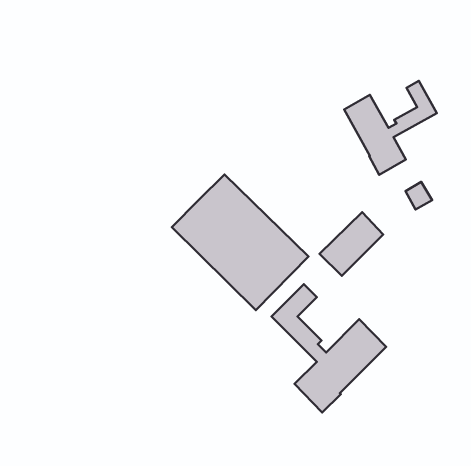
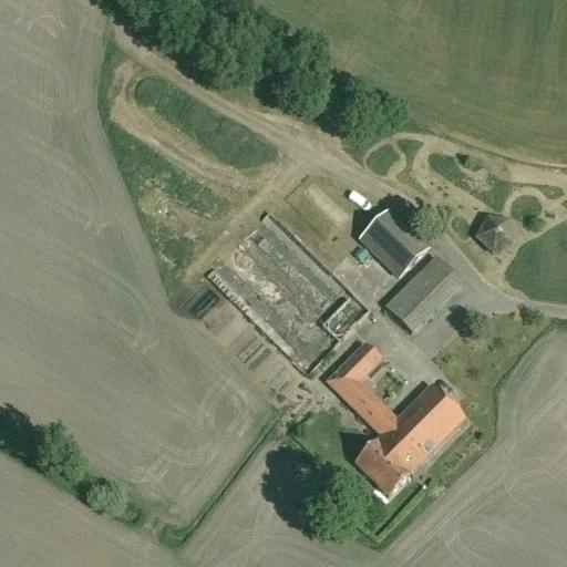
building: [344,81,437,175] -> none
building: none -> [360,209,426,275]

